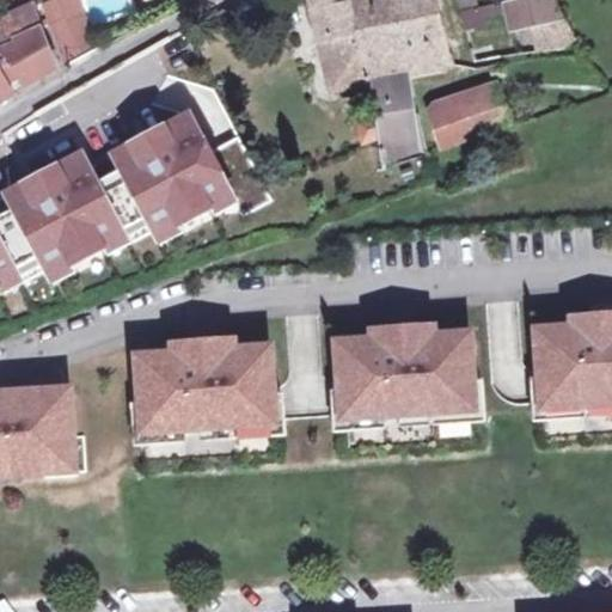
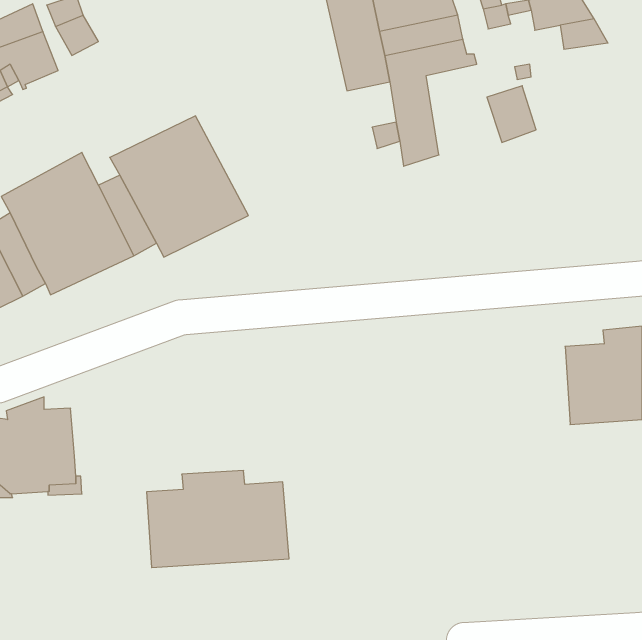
building: [427,92,476,147] -> none
building: [337,322,473,414] -> none
building: [139,335,274,427] -> [147,471,289,568]

